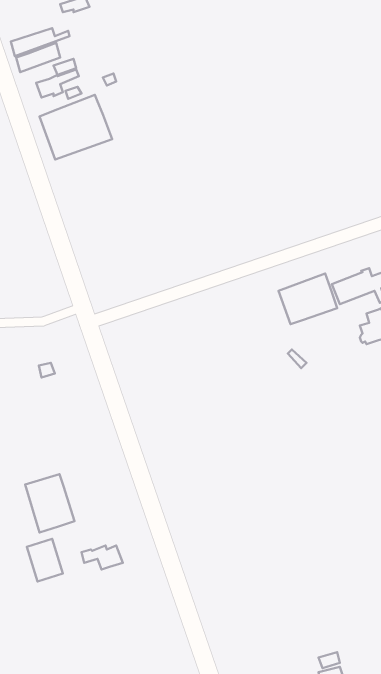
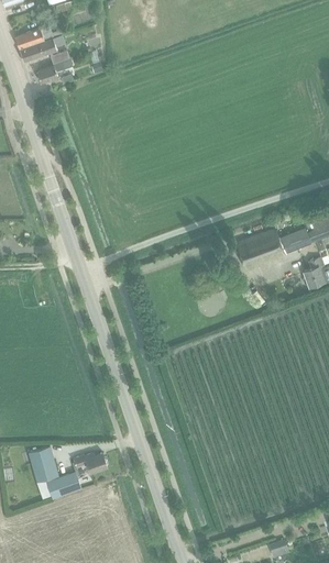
building: [39,95,112,160] -> none
building: [25,474,75,532] -> none
building: none -> [46,471,81,498]

